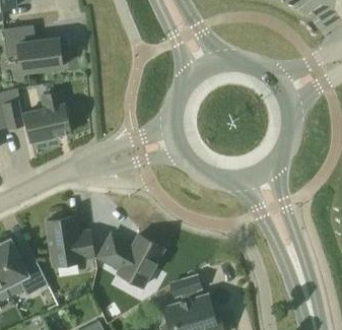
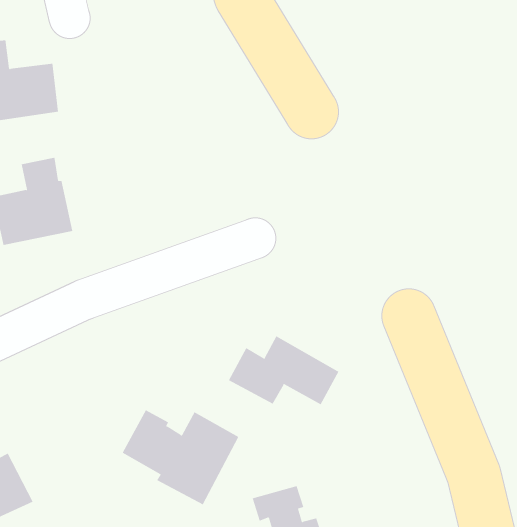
building: none -> [228,336,339,405]
building: [46,214,94,266] -> none

